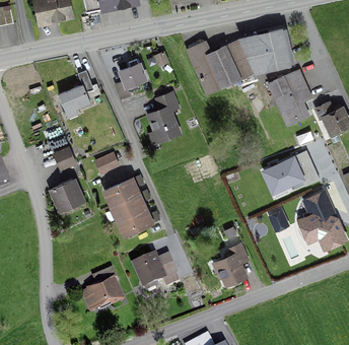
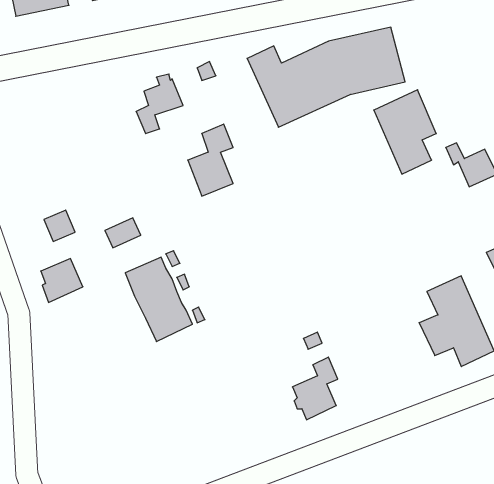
building: [58,70,91,113] -> none
building: [265,152,319,198] -> none
building: [134,256,174,289] -> none
building: [82,268,120,310] -> none

